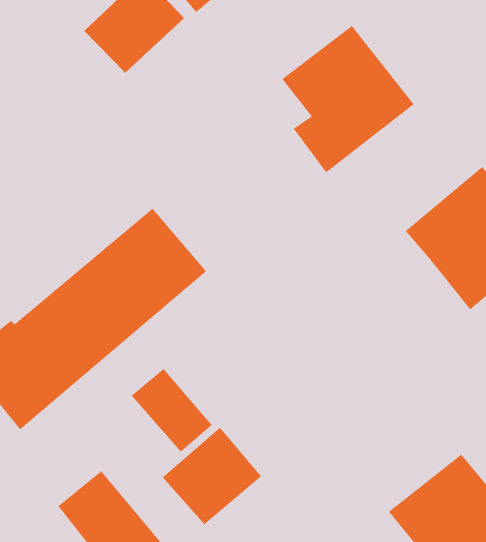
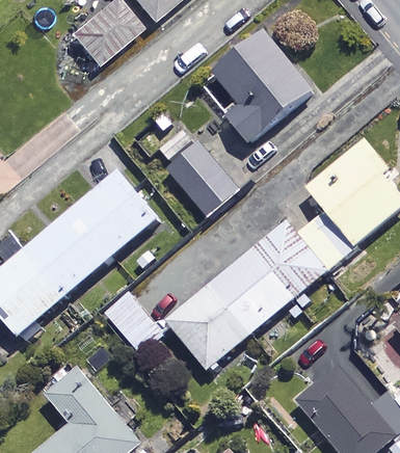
building: none -> [152,123,241,216]
building: none -> [166,209,355,370]
building: [162,427,262,525] -> none

